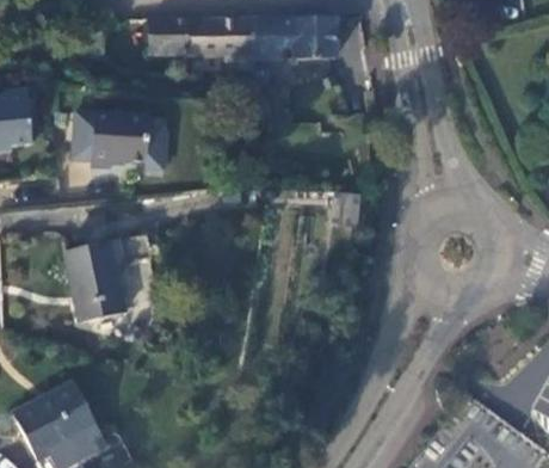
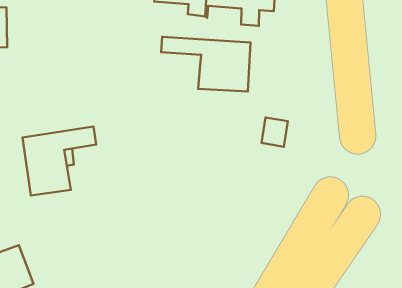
building: [72,103,168,170] -> none
building: none -> [161,37,250,91]

